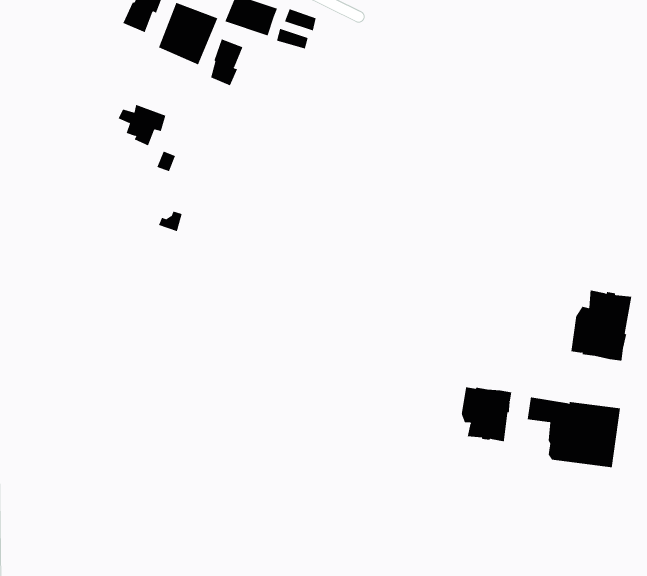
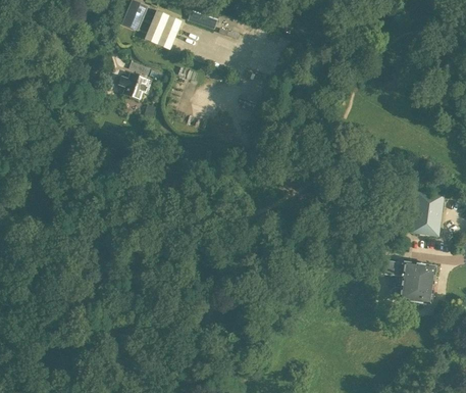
building: [210,39,243,86] -> none
building: [461,387,512,442] -> none

